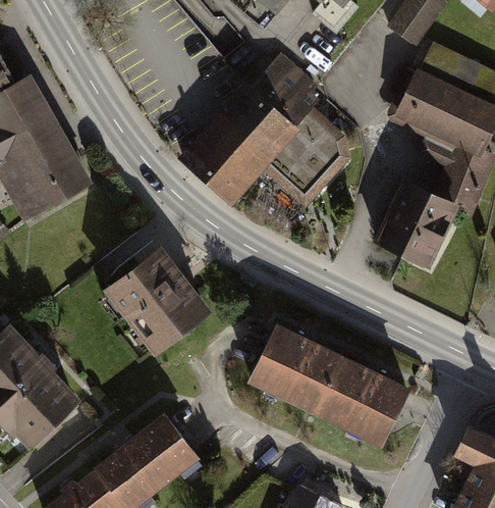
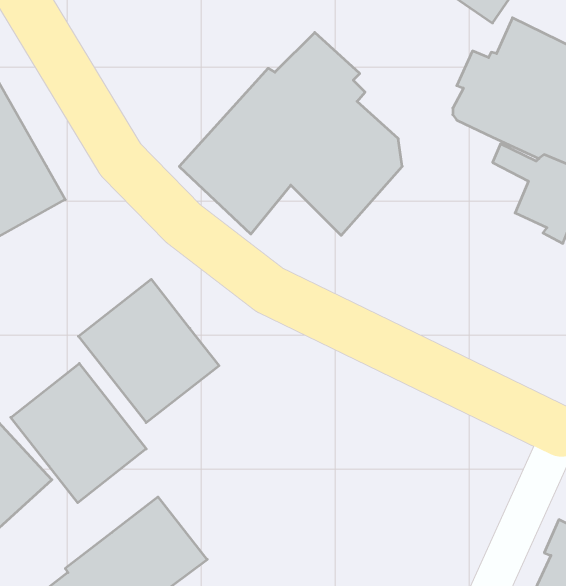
building: [376,179,461,268] -> none
building: none -> [11,363,146,503]
building: [248,322,410,448] -> none

